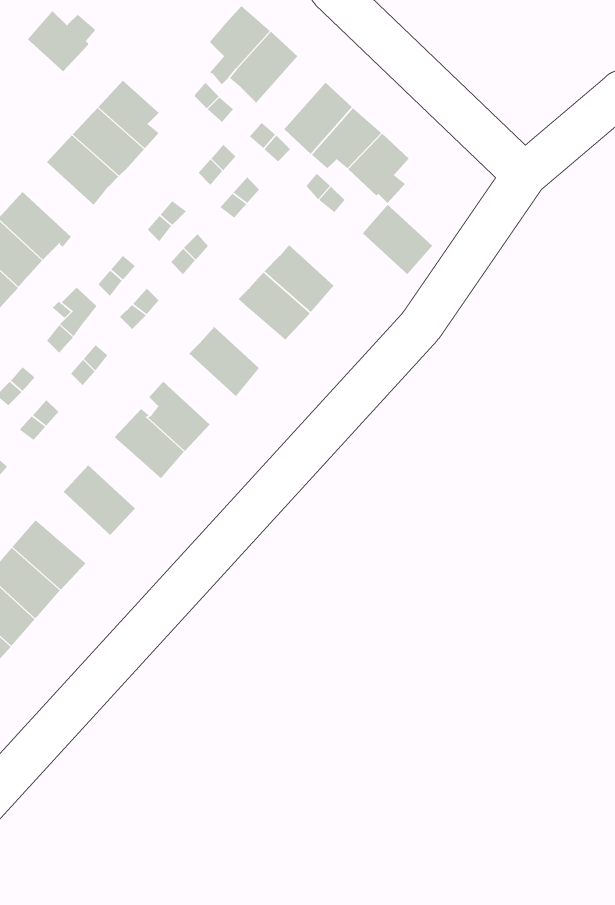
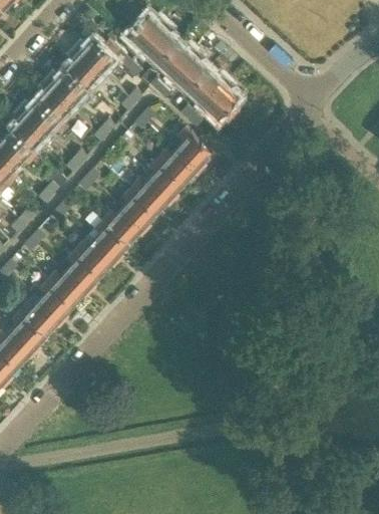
building: [27,10,96,72] -> [80,38,118,72]
building: none -> [153,41,192,81]
building: none -> [25,99,64,141]
building: [362,204,433,275] -> [171,128,211,168]
building: none -> [130,175,169,213]
building: none -> [102,205,142,244]
building: none -> [61,251,101,290]
building: none -> [29,281,73,320]

